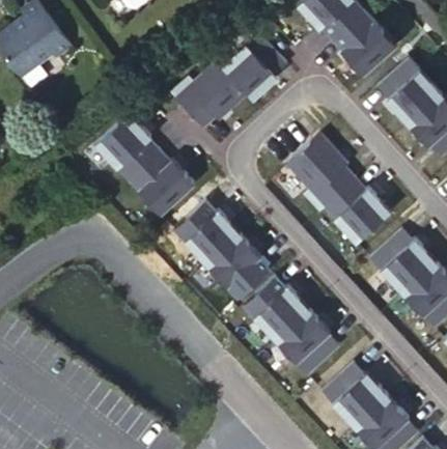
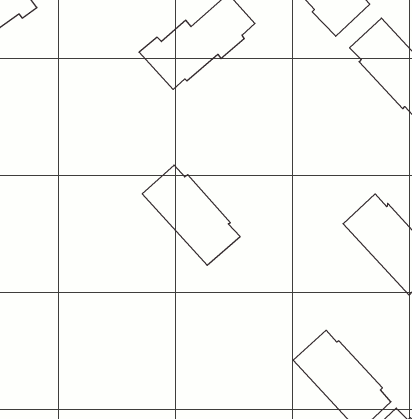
building: [95,112,194,214] -> none
building: [286,133,389,241] -> none
building: [243,275,339,374] -> none

